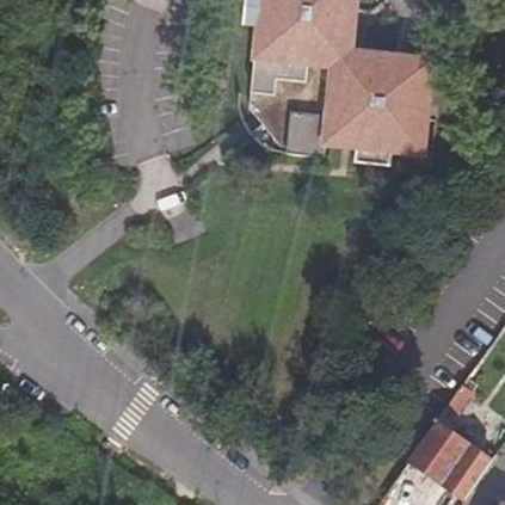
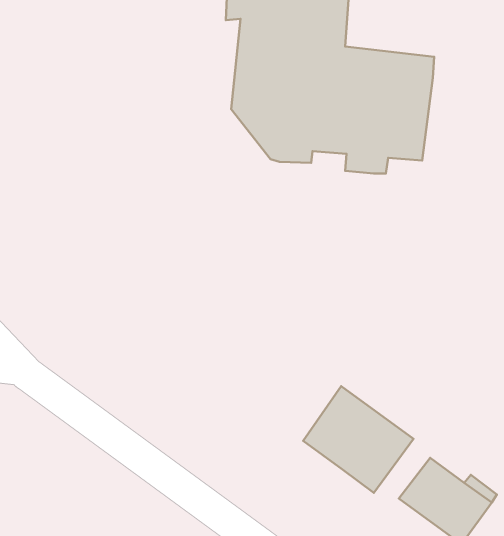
building: none -> [303,386,413,493]

